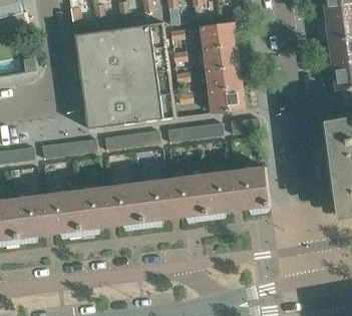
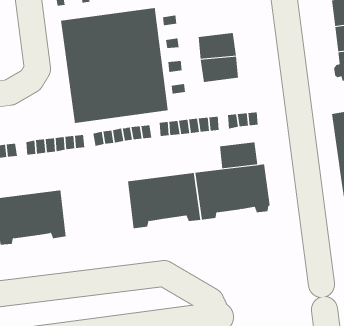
building: [201,22,237,48] -> none
building: [209,86,245,111] -> [219,142,258,169]
building: [77,182,143,233] -> none

